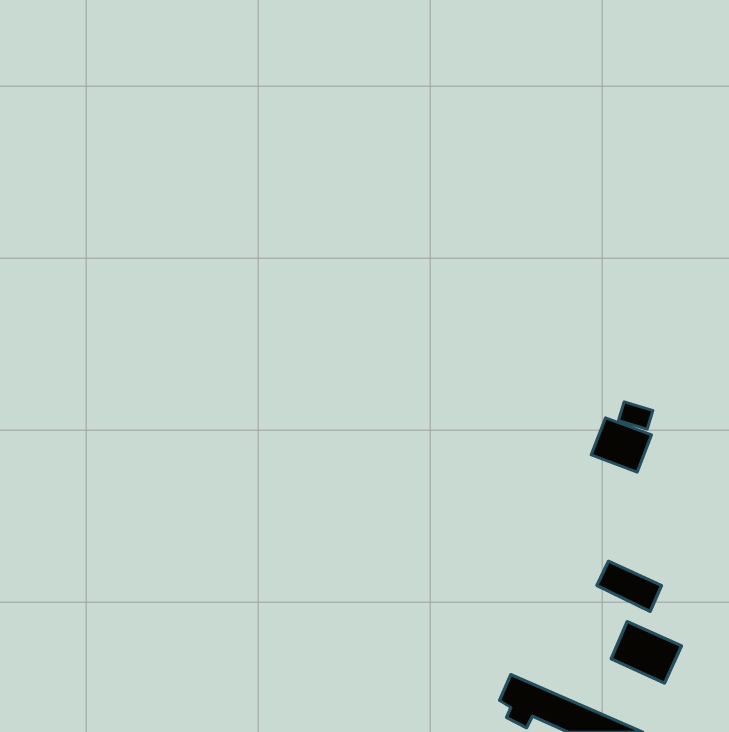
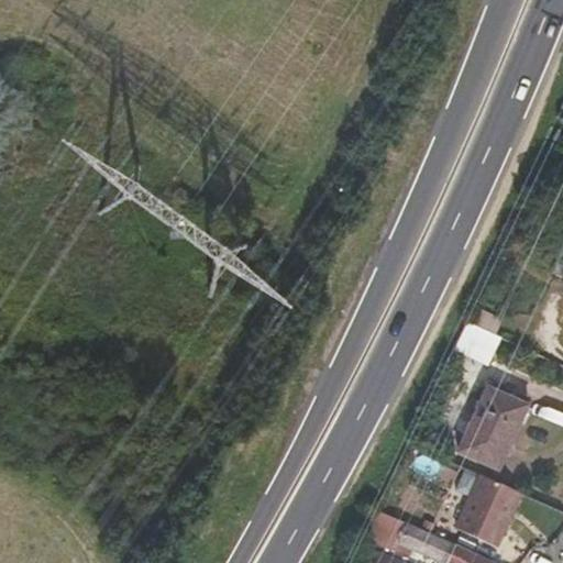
building: none -> [466,384,528,449]
building: none -> [457,505,509,549]

